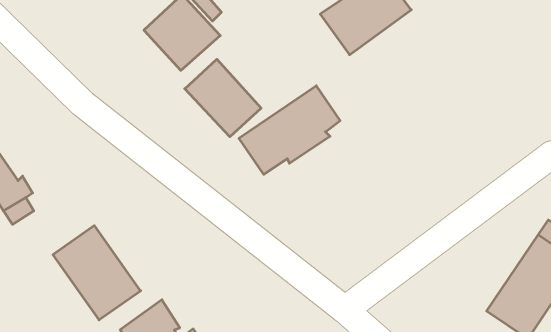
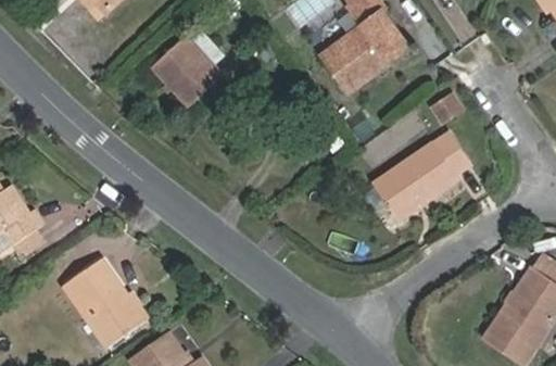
building: [185,59,261,137] -> none
building: [239,86,340,174] -> [371,131,469,217]

